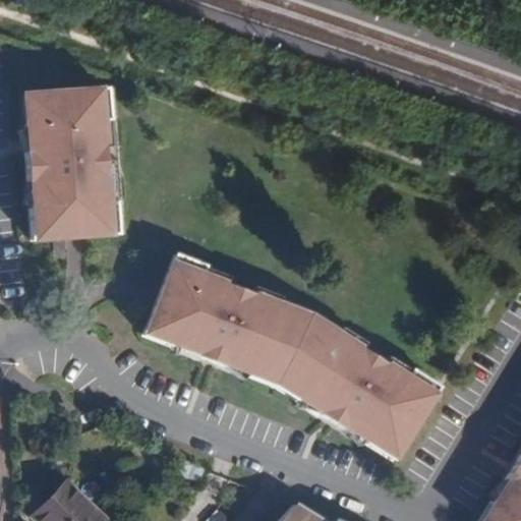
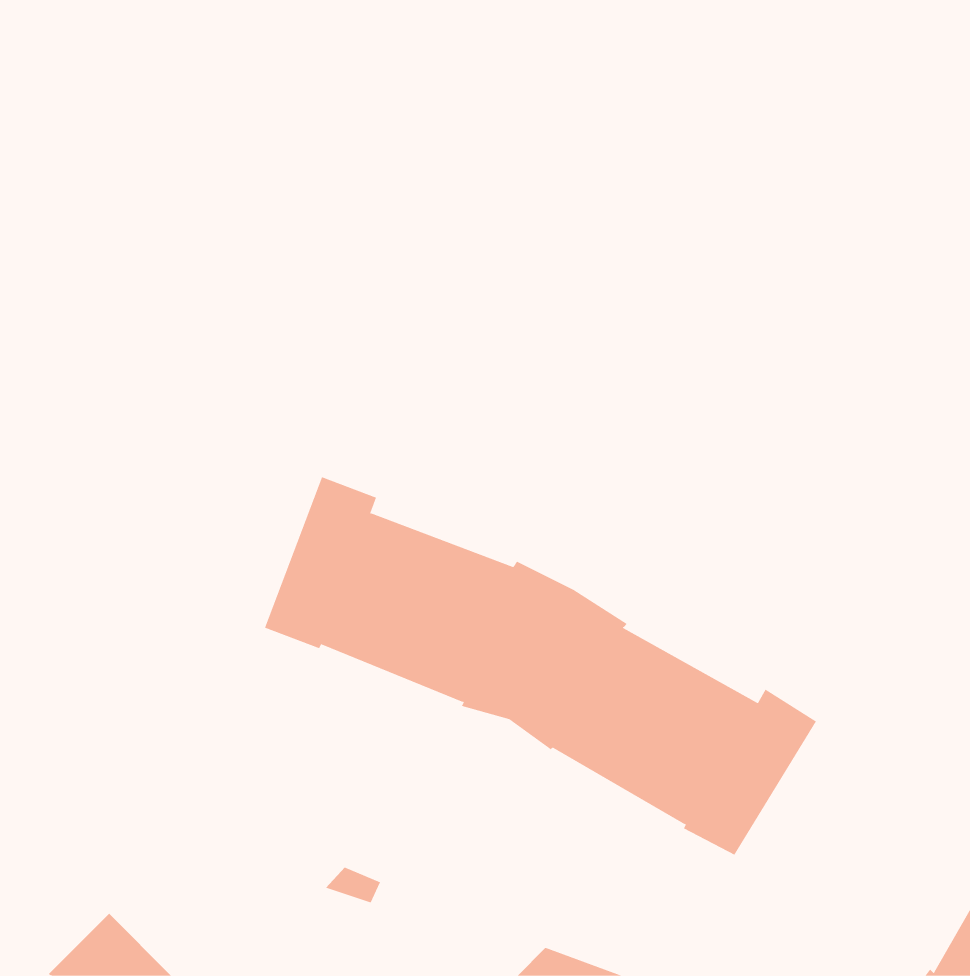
building: [24,86,124,257] -> none

